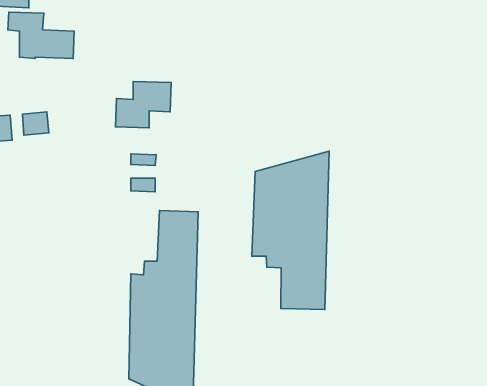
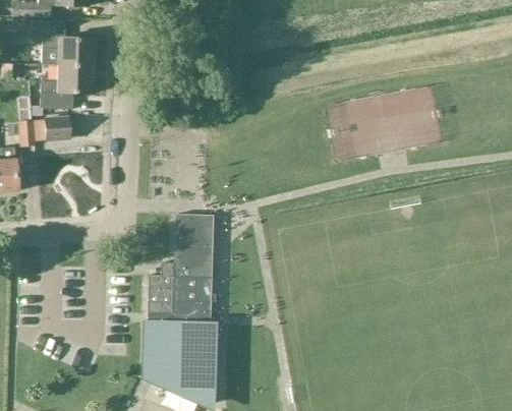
building: [115,82,171,128] -> [39,65,93,110]
building: [252,151,329,310] -> none

